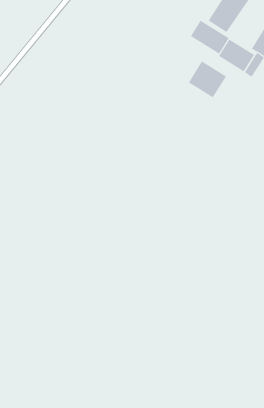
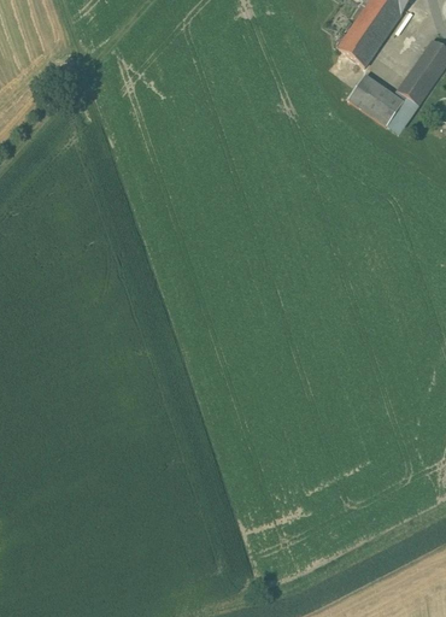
building: [190,20,229,55] -> none
building: [188,61,227,98] -> none

